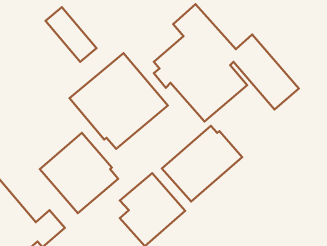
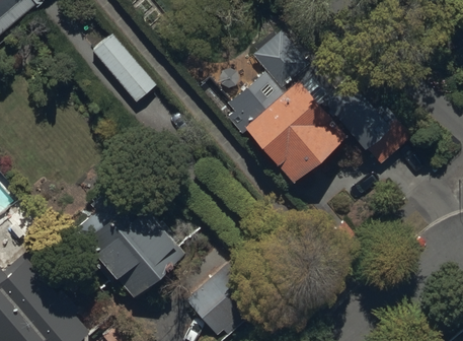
building: [69,53,168,149] -> none
building: [162,126,242,202] -> none

